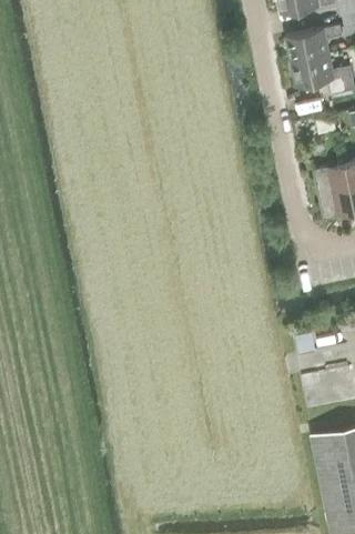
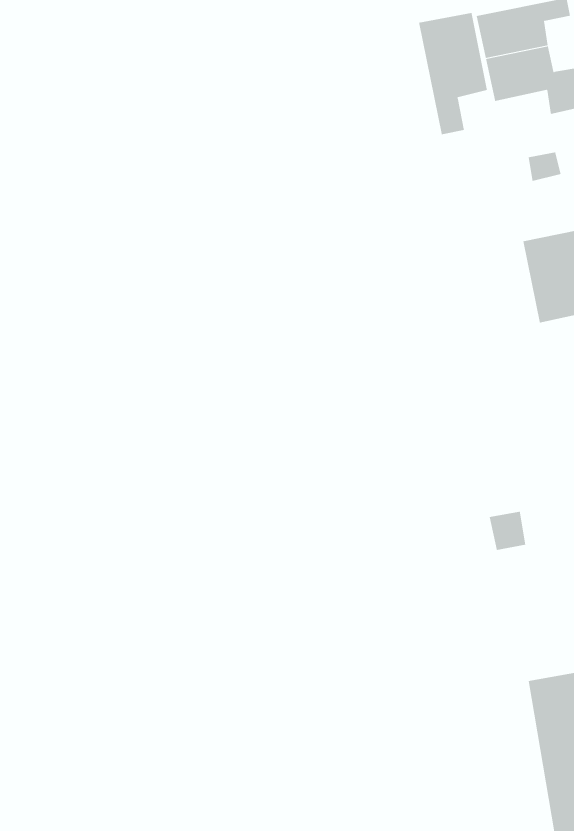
building: none -> [418,12,488,135]

